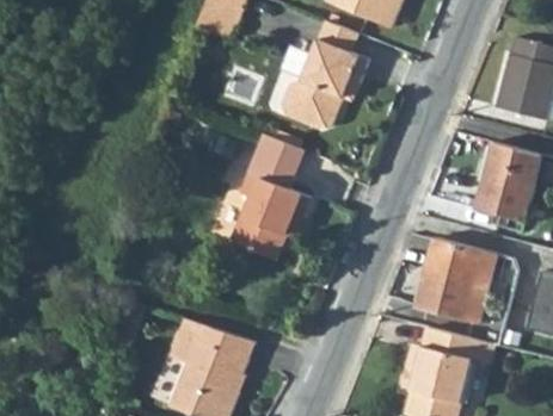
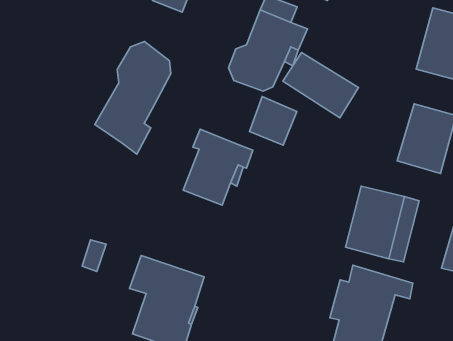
building: none -> [95,41,171,154]
building: none -> [283,52,359,118]
building: [250,132,303,187] -> [249,97,297,145]

